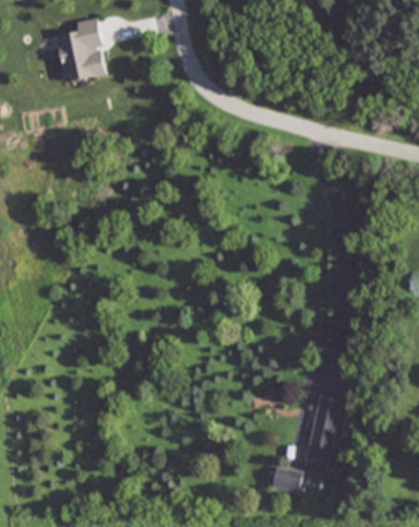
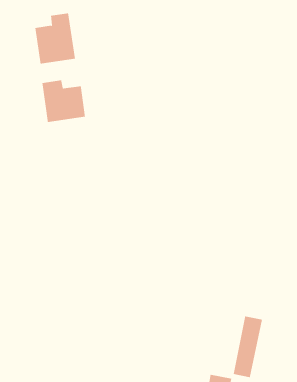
building: none -> [42,80,86,123]

